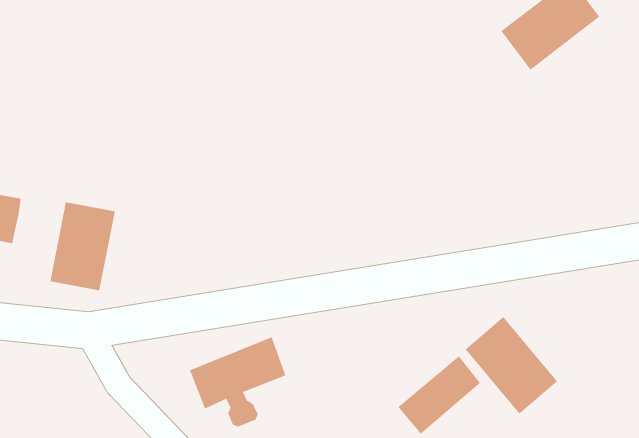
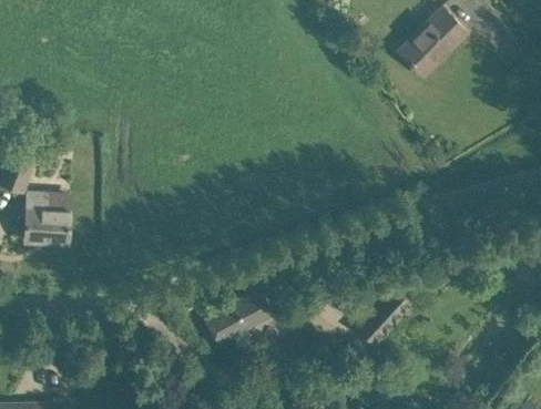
building: [50,202,115,291] -> none
building: [465,316,558,414] -> none

